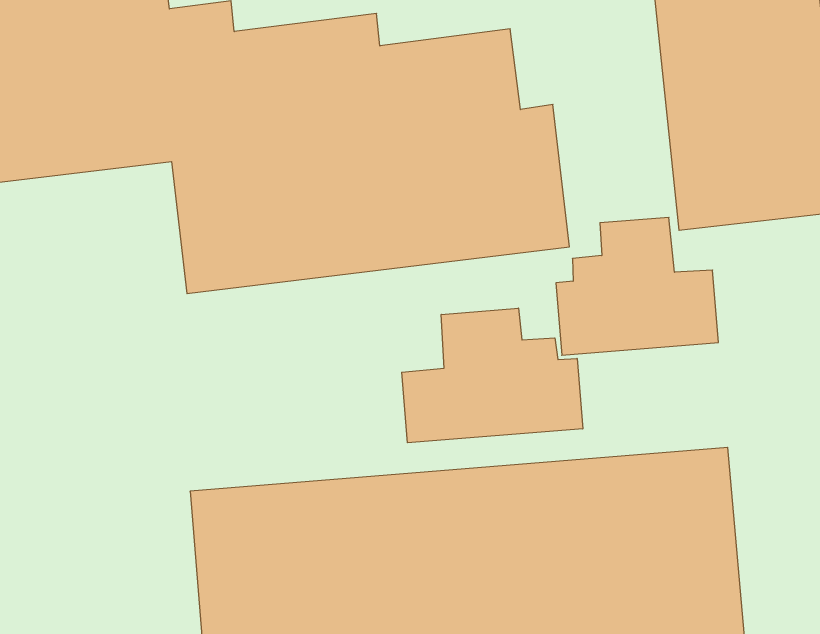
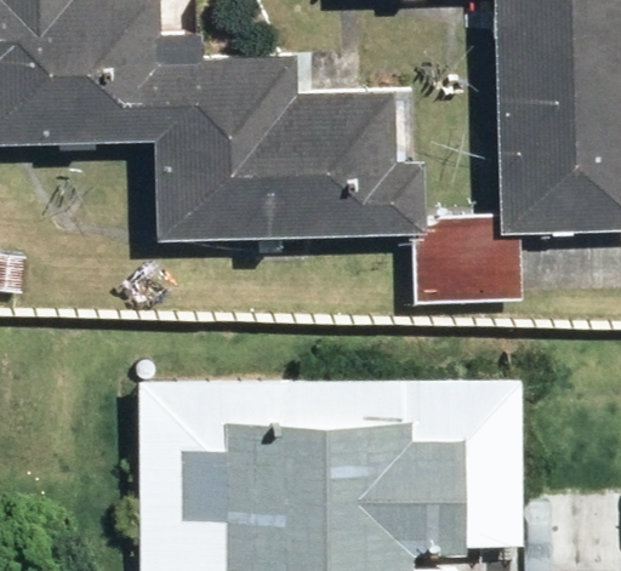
building: [402,308,583,443] -> none

